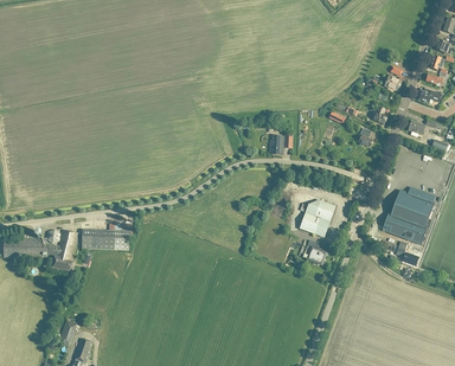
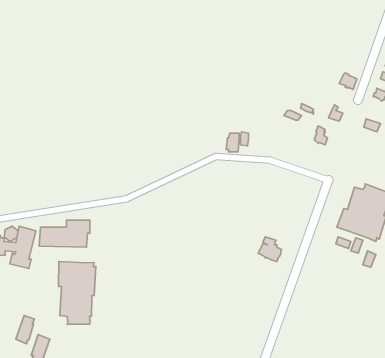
building: [299,199,334,237] -> none
building: none -> [58,262,96,324]

